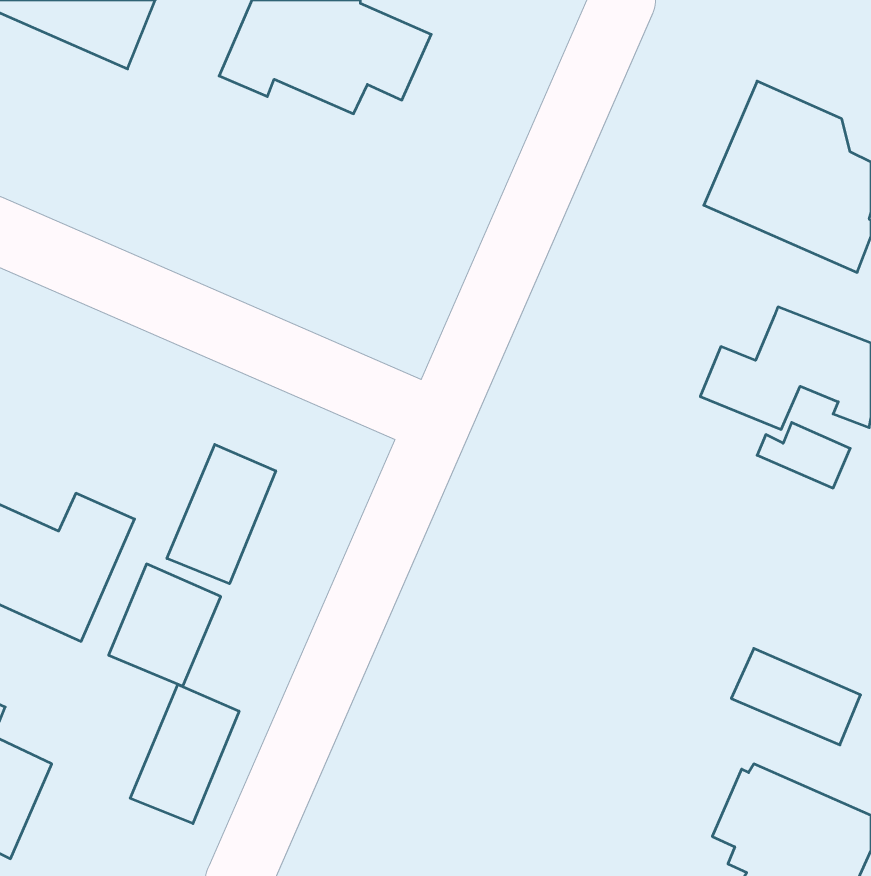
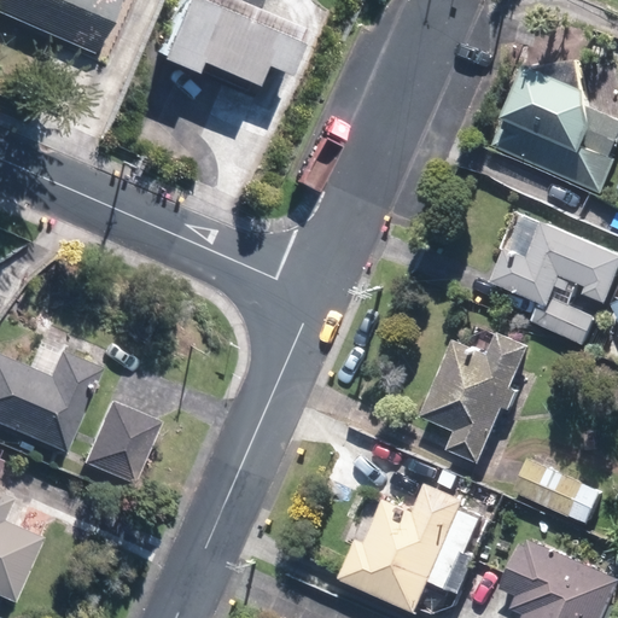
building: [167,444,276,584] -> none
building: none -> [421,326,532,464]
building: none -> [340,480,479,610]
building: [130,685,239,824] -> none

